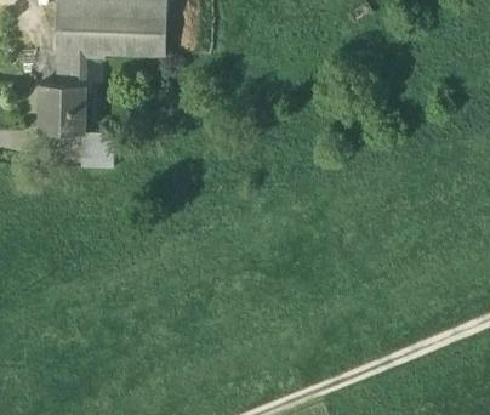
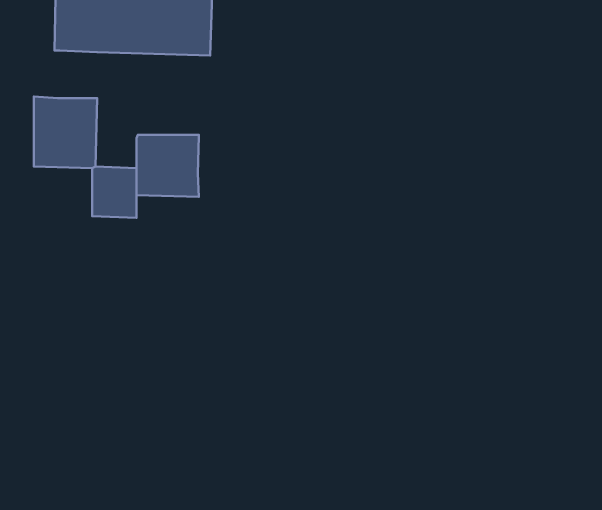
building: [58,50,86,84] -> none
building: none -> [136,135,199,197]

